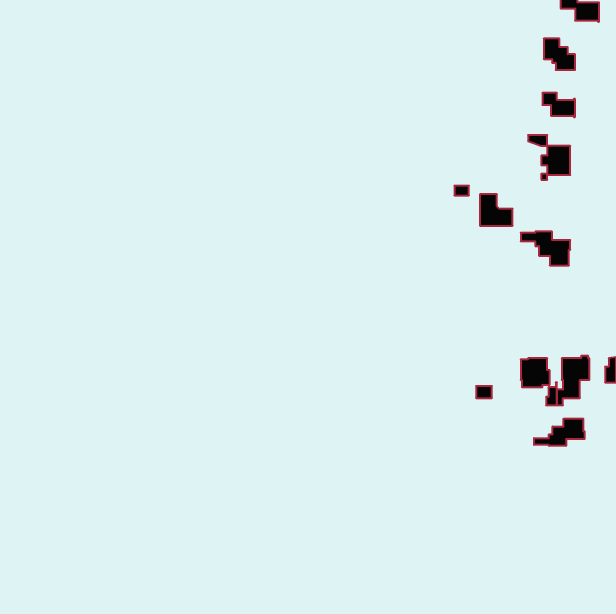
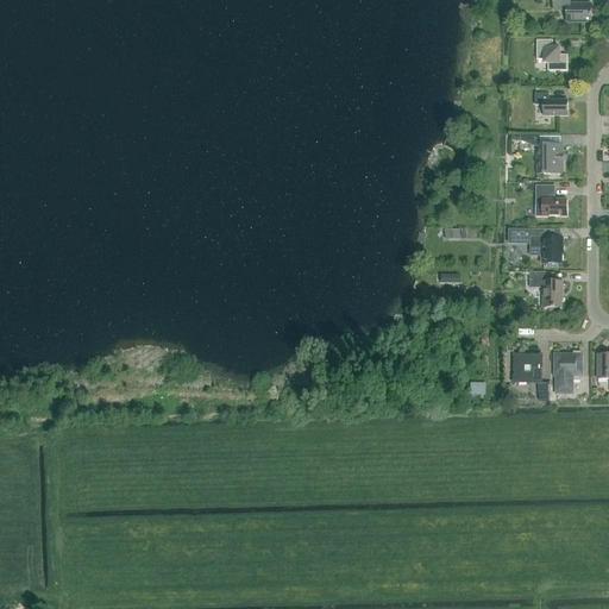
building: [480,194,513,226] -> [535,184,567,215]
building: none -> [529,270,563,307]
building: [534,419,585,446] -> none

